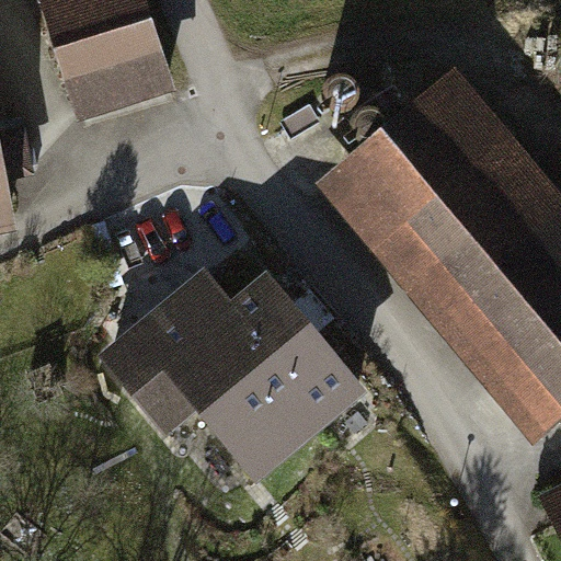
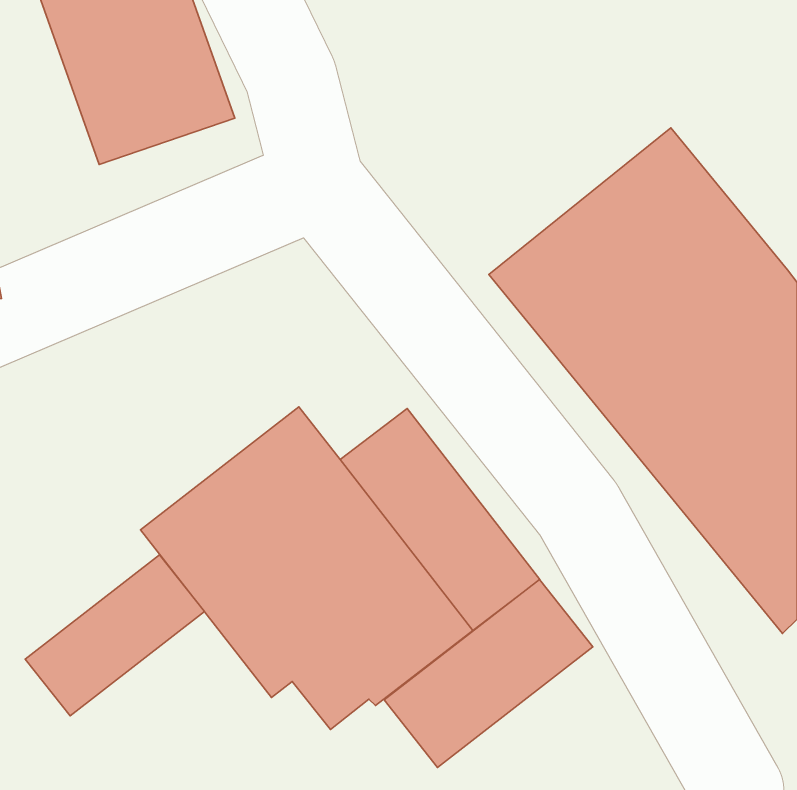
building: none -> [25,555,204,716]
building: none -> [384,579,593,767]

